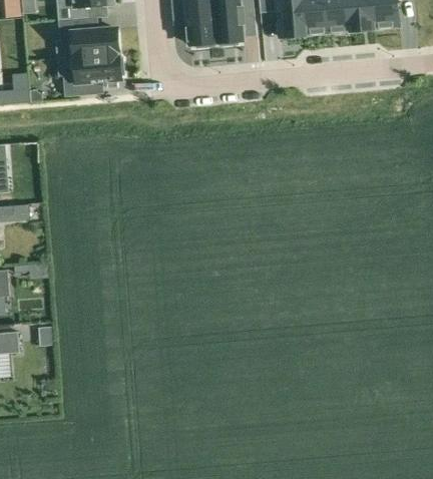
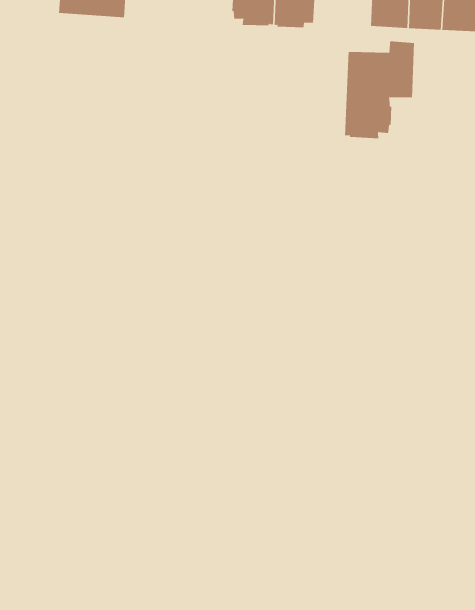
building: none -> [345,41,414,139]
building: [63,53,120,96] -> none

